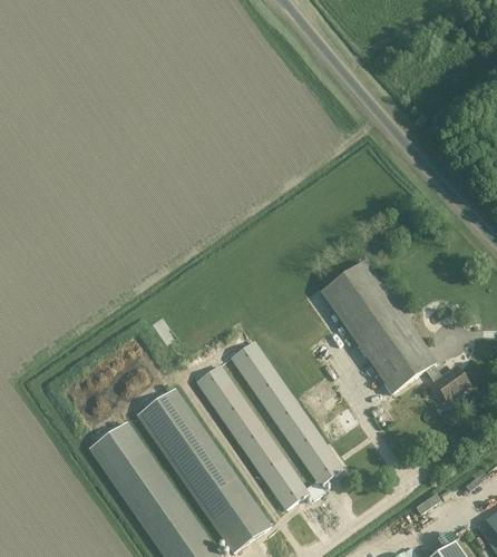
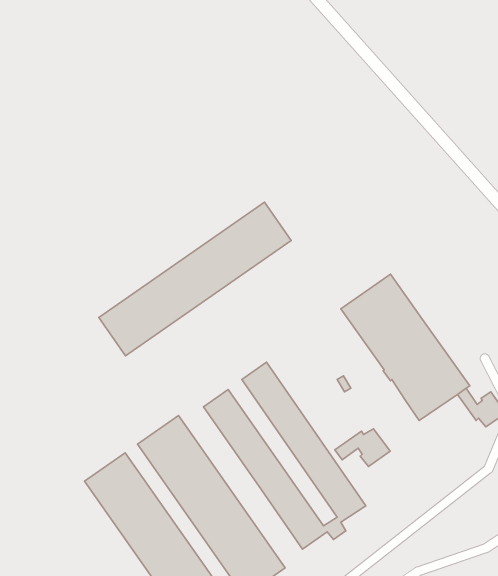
building: none -> [99,202,291,356]
building: none -> [335,429,390,467]

